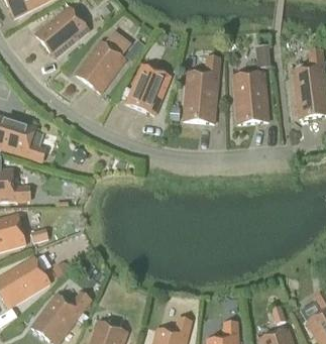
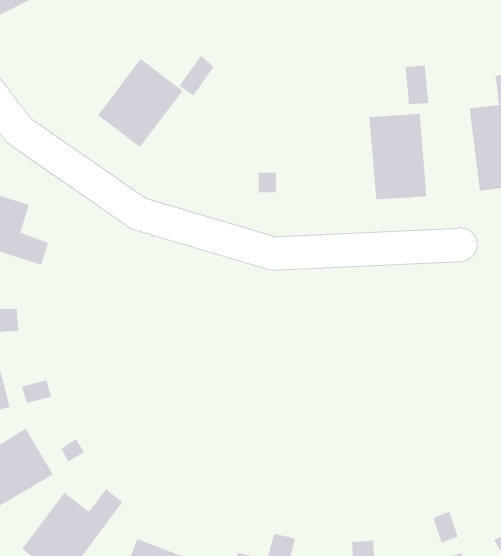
building: [35,13,80,56] -> none
building: [184,56,220,122] -> none
building: [126,64,171,114] -> none

